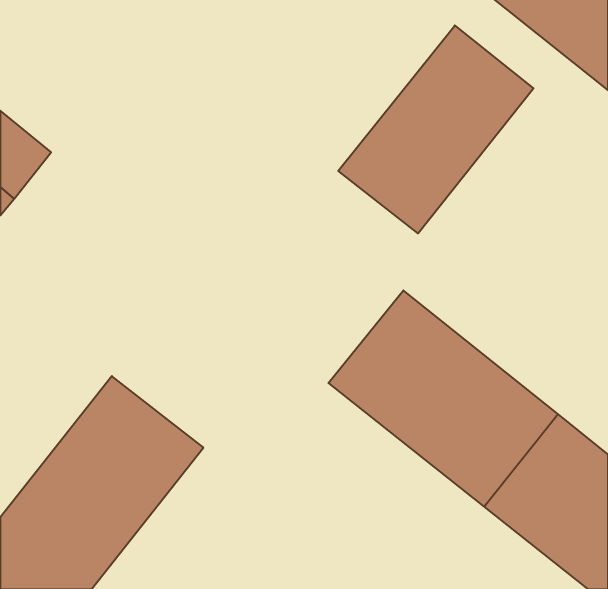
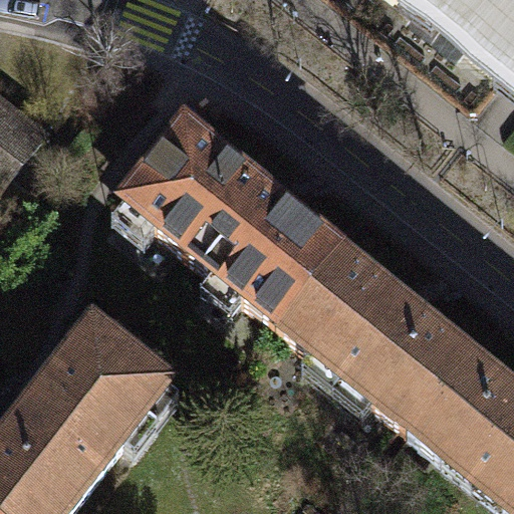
building: [338,25,533,233] -> none
building: none -> [121,120,340,323]

